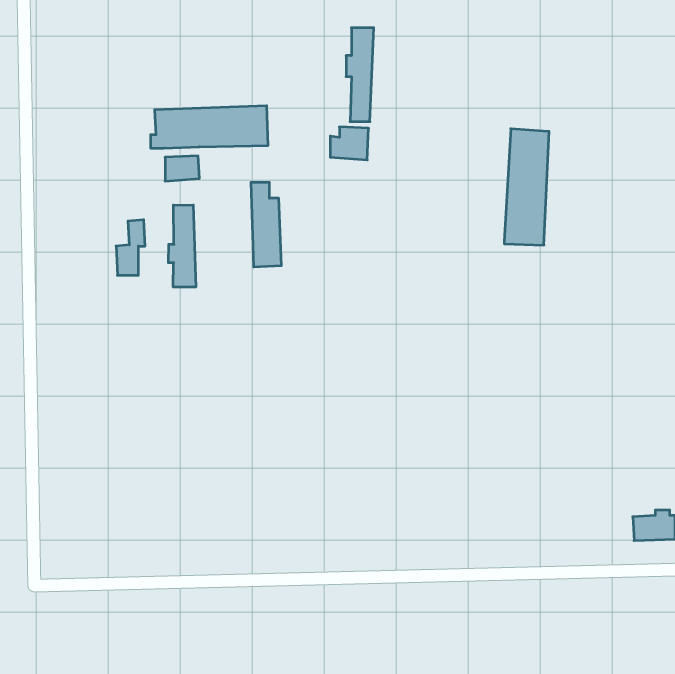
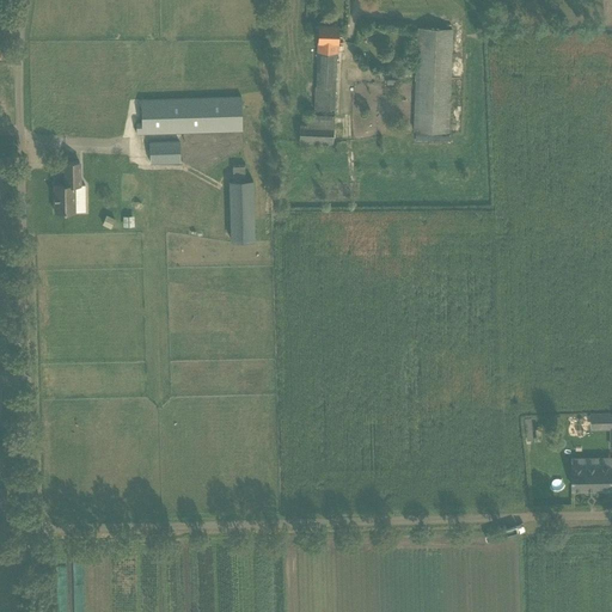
building: [504,129,549,245] -> [412,29,453,134]
building: [168,205,196,287] -> none
building: [116,220,145,275] -> [54,163,80,213]

